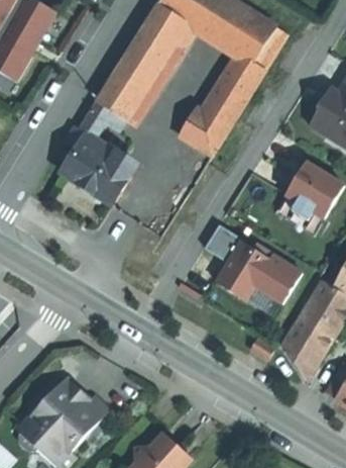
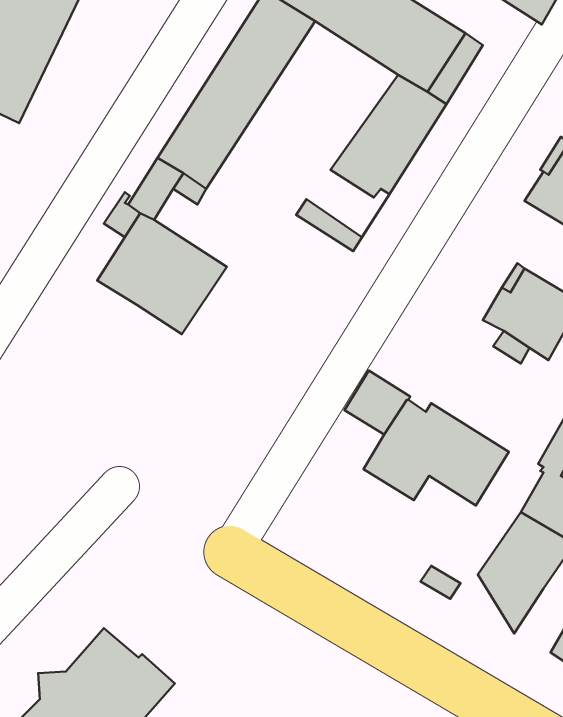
building: [185,107,233,148] -> none

